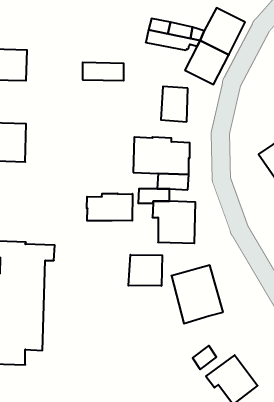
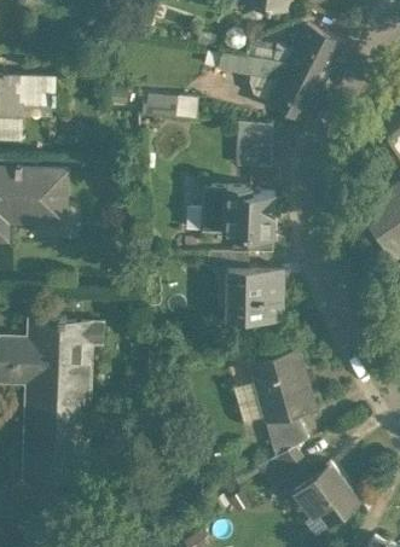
building: [87,193,132,221] -> none
building: [128,255,162,286] -> none
building: none -> [267,413,309,458]

